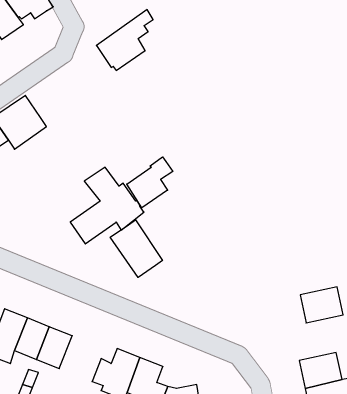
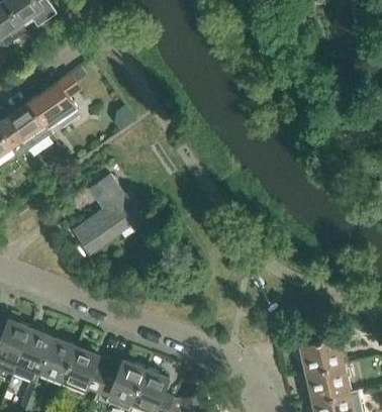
building: [96,10,153,70] -> [28,67,86,128]
building: [127,157,173,208] -> none
building: [110,220,162,277] -> none
building: [300,287,343,323] -> [300,335,344,372]
building: none -> [63,346,105,393]

